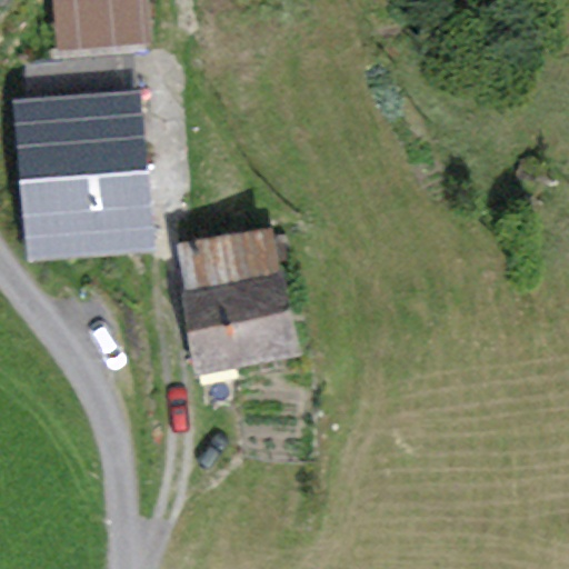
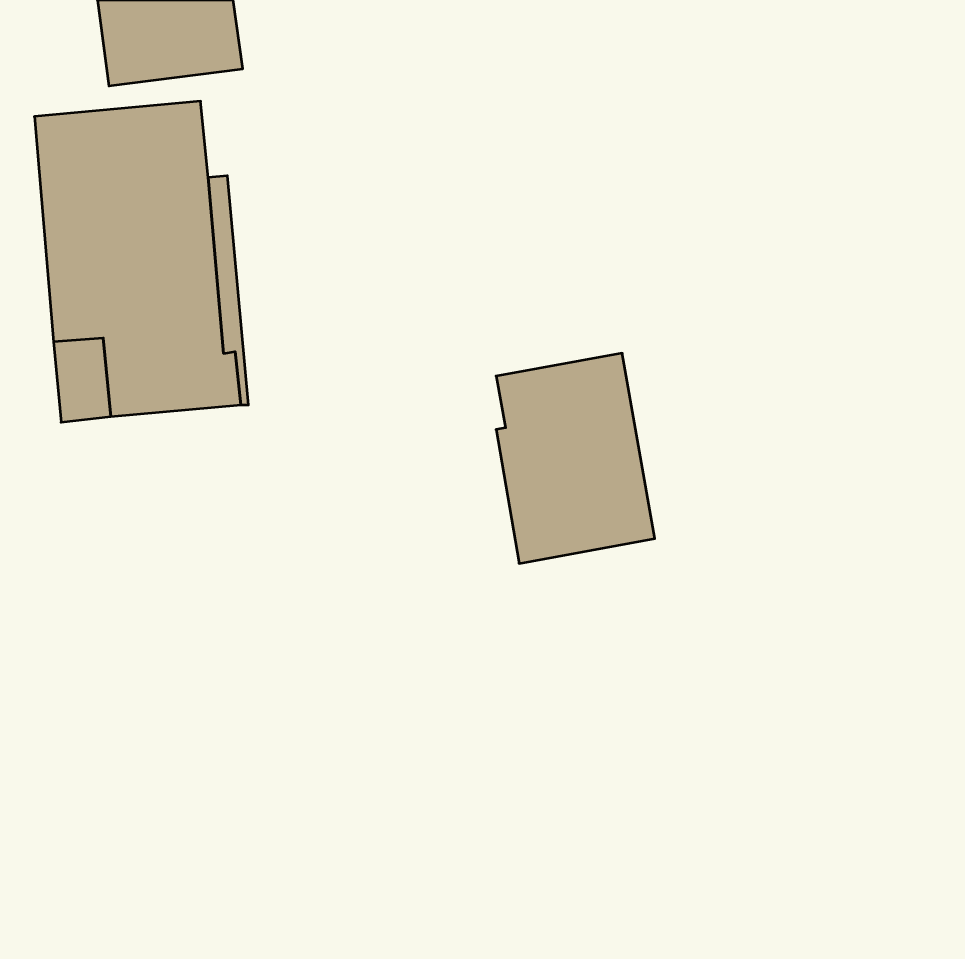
building: [182,247,274,369] -> [496,353,655,563]

